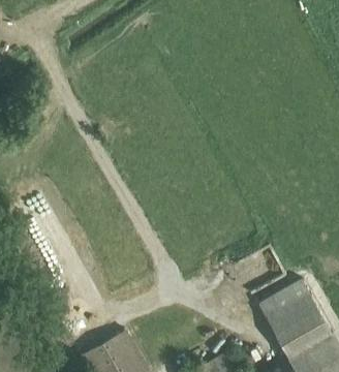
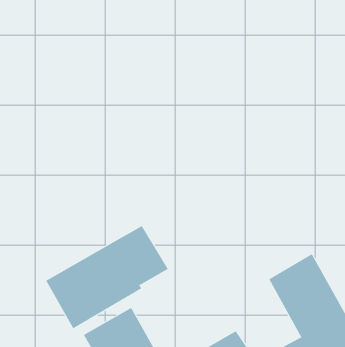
building: none -> [45,225,168,329]

